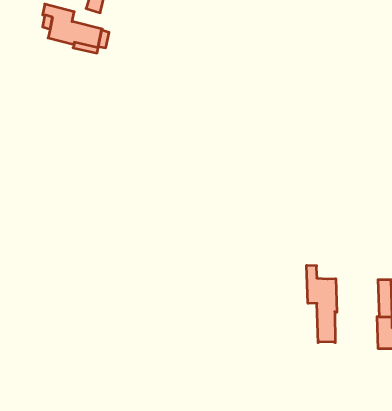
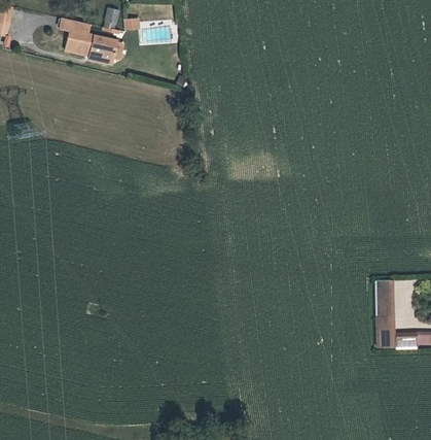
building: [307,265,337,343] -> none

